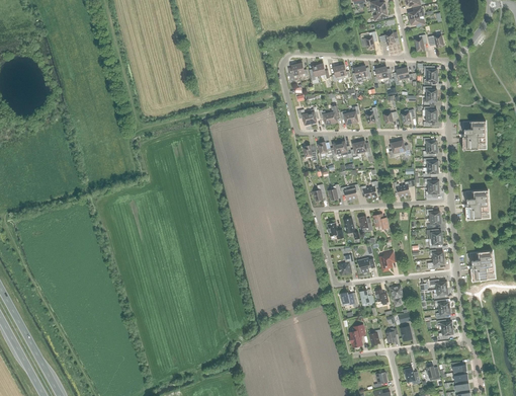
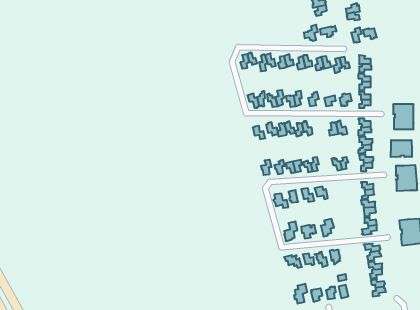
building: none -> [391,140,412,157]

